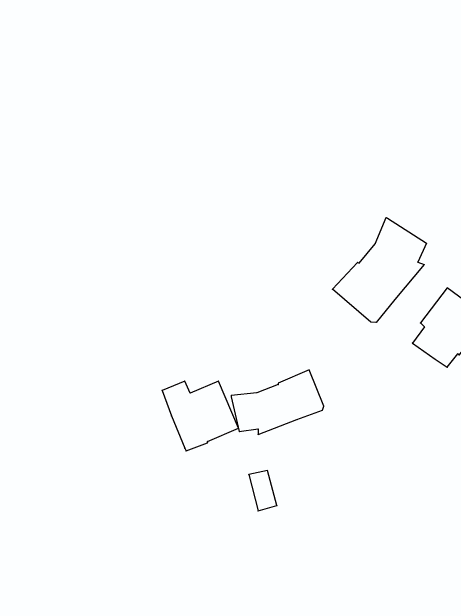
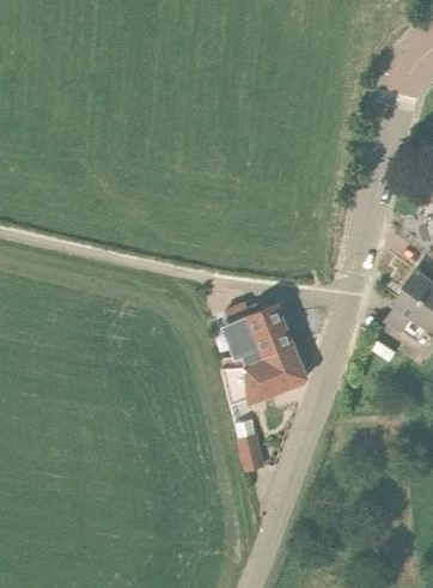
building: [332,218,427,322] -> none
building: [162,381,238,451] -> [225,304,293,366]

